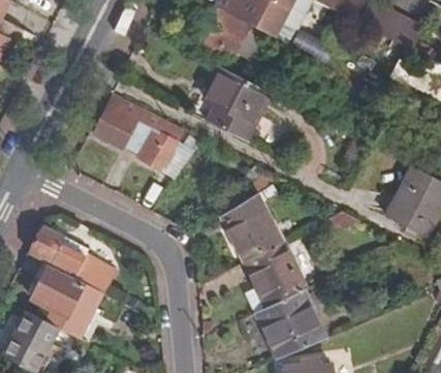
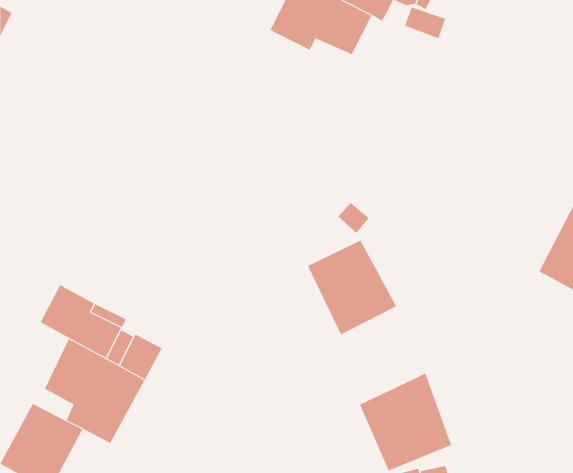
building: [206,67,271,141] -> none
building: [96,95,184,168] -> none
building: [244,242,305,313] -> none

